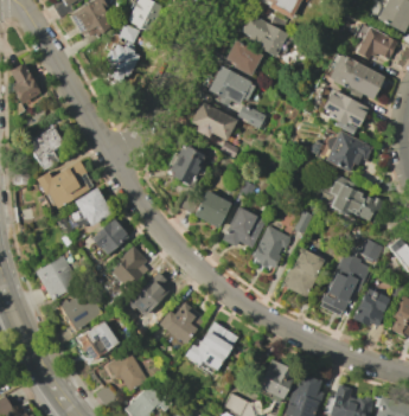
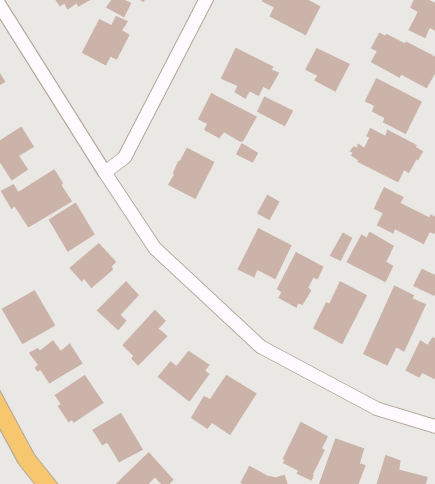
building: [225,40,262,76] -> [304,47,351,92]
building: [181,190,231,228] -> none
building: none -> [345,230,395,283]

